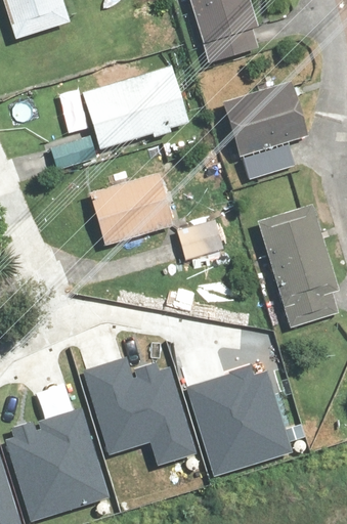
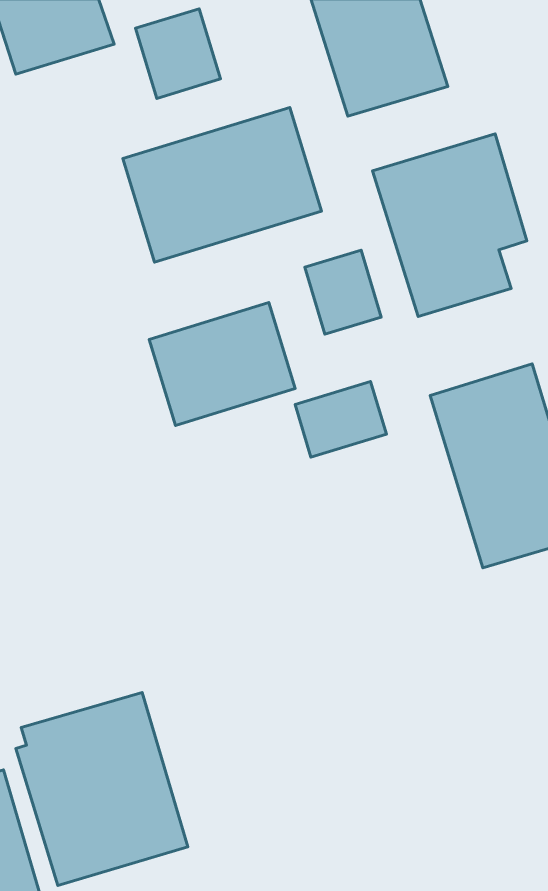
building: none -> [136,9,220,98]
building: none -> [305,250,381,334]
building: [87,354,201,466] -> none
building: [185,363,295,474] -> none

